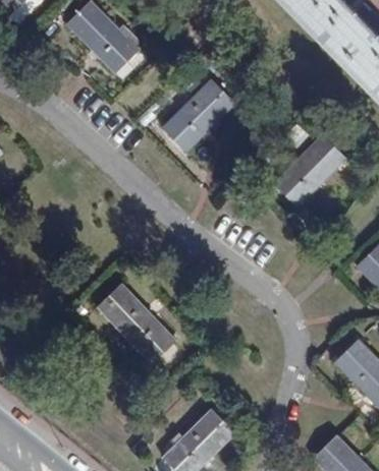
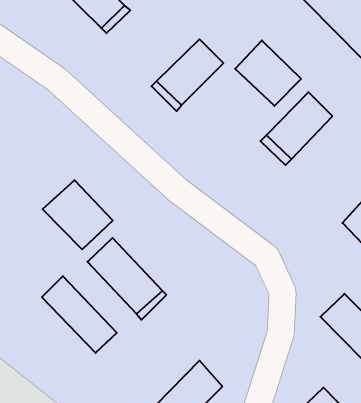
building: none -> [235,40,301,106]
building: none -> [43,180,113,249]
building: none -> [42,276,117,353]

